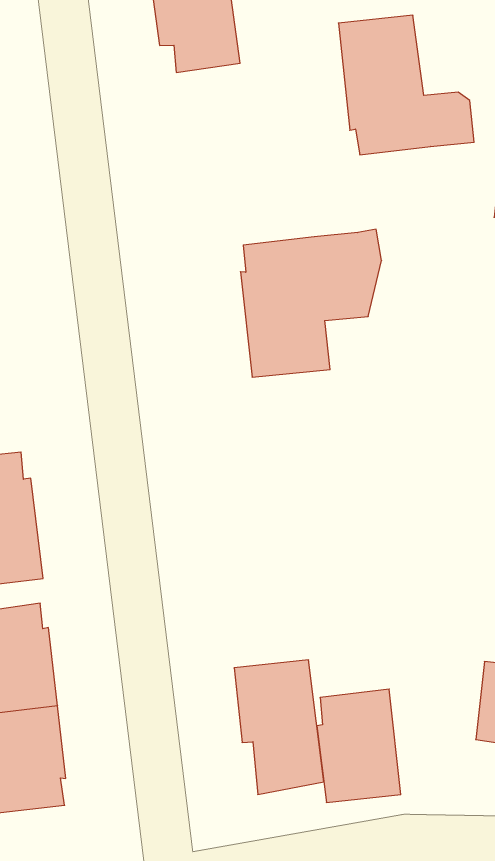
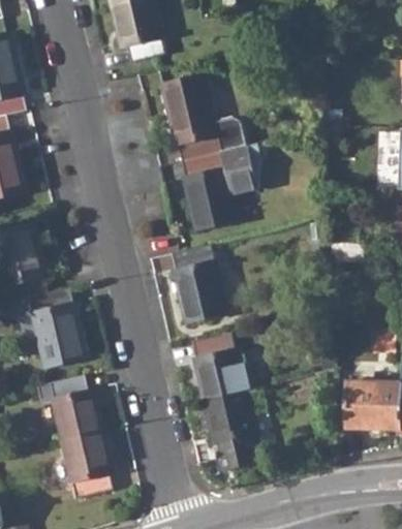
building: [338,15,474,155] -> [160,73,246,157]
building: none -> [172,245,227,325]
building: [317,689,401,802] -> [192,332,245,401]

